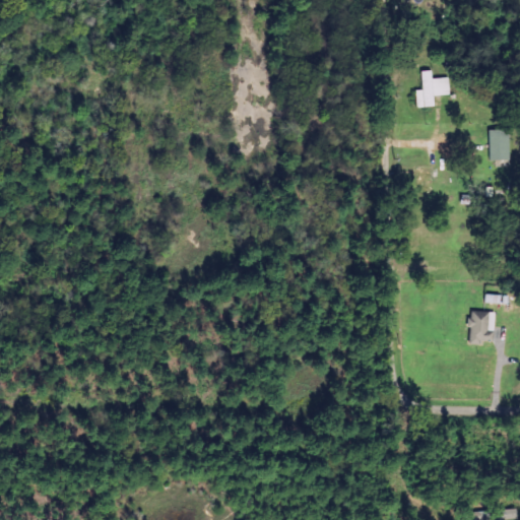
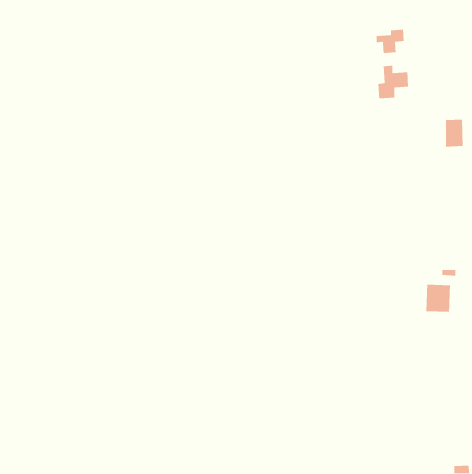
building: none -> [376,29,405,54]

